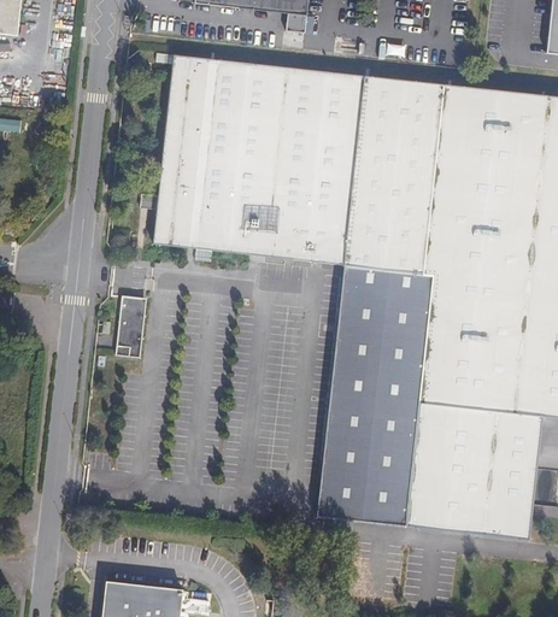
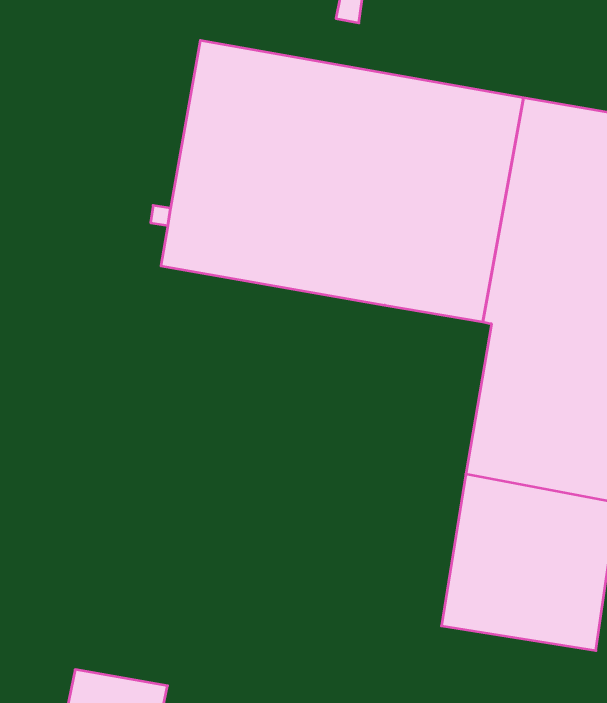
building: [316,264,431,525] -> none
building: [117,296,147,358] -> none

